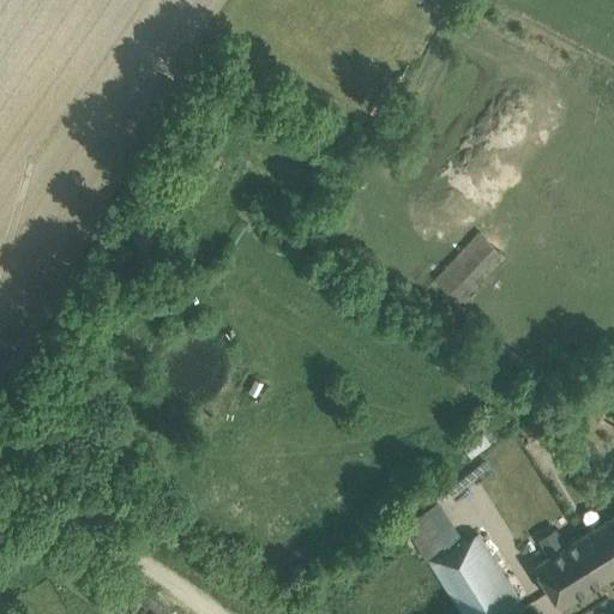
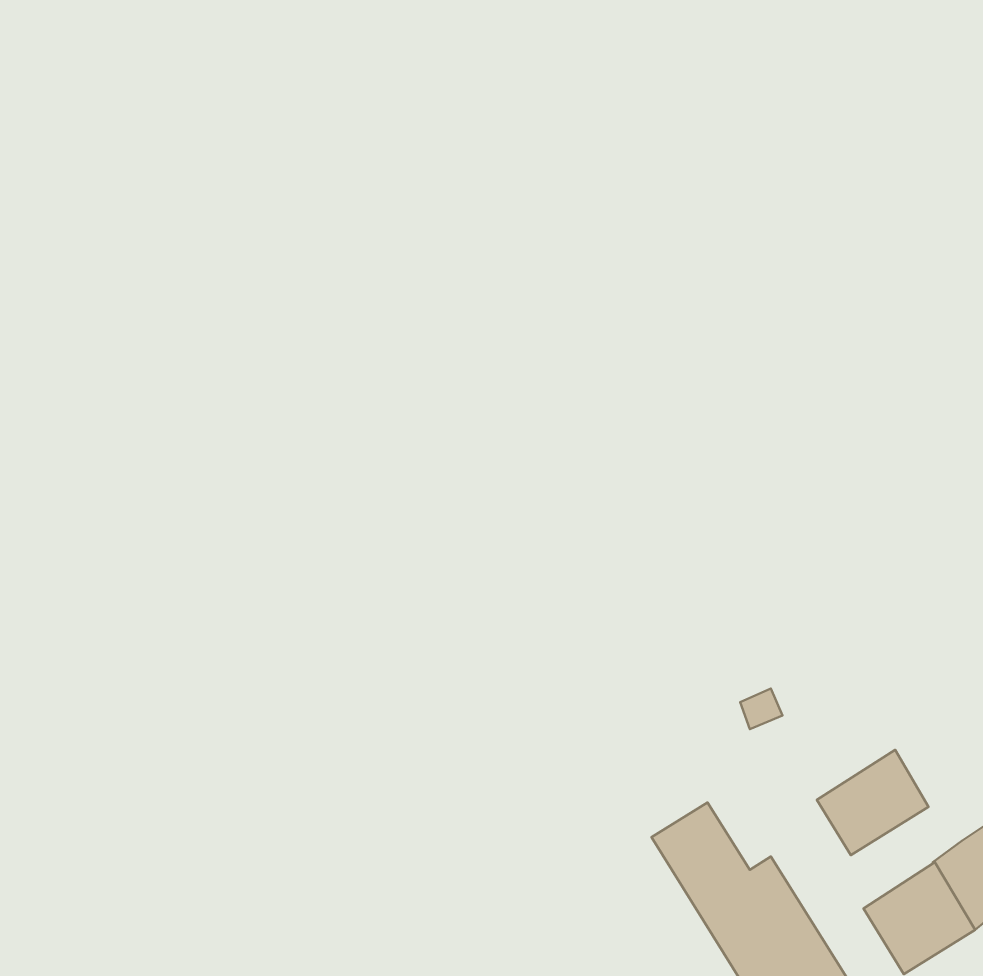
building: [435,235,501,302] -> none
building: none -> [817,750,928,855]

